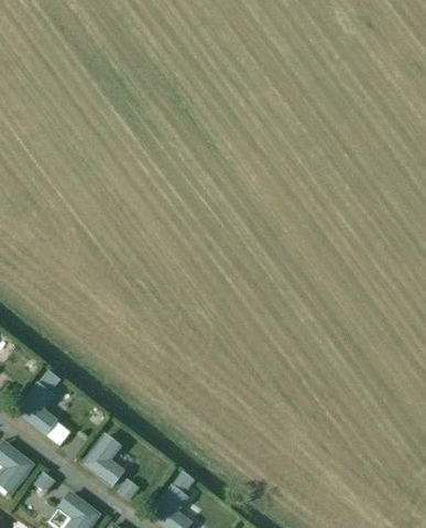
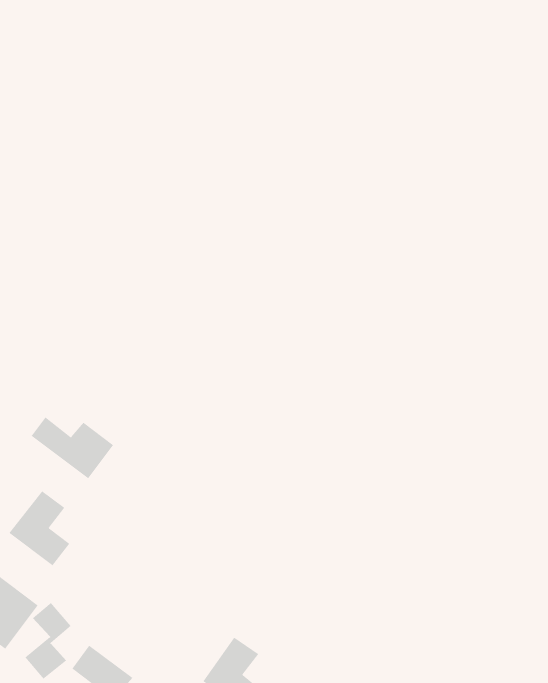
building: none -> [31,417,114,479]
building: [83,433,125,487] -> none

